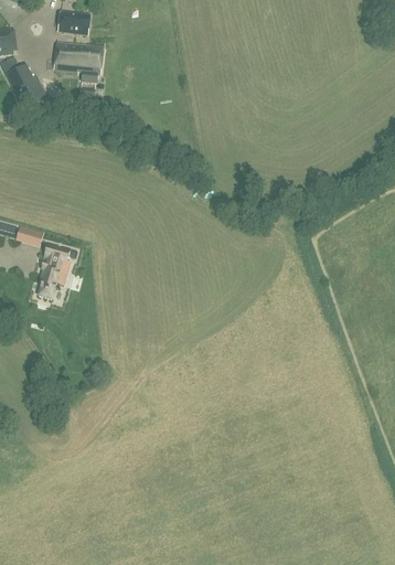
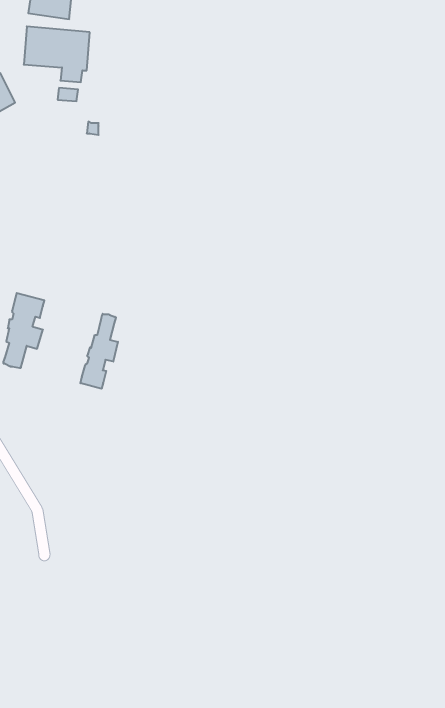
building: none -> [80,314,118,389]

